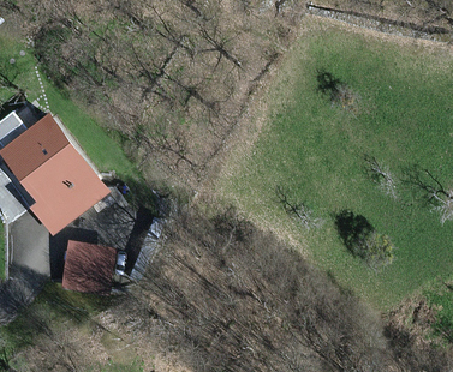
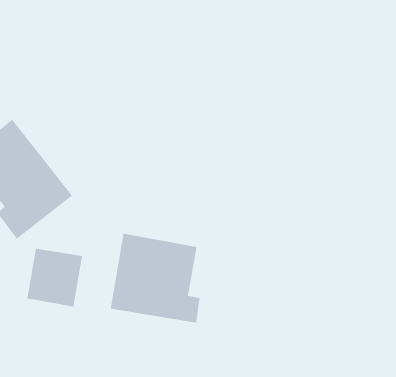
building: none -> [110,233,200,323]

